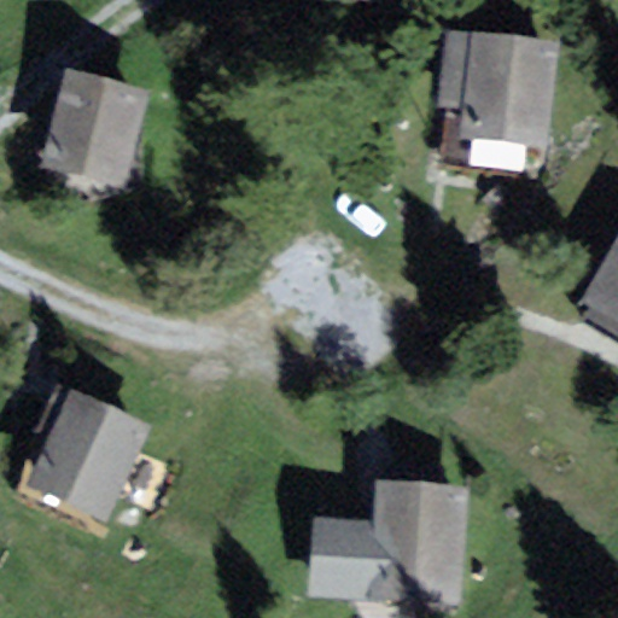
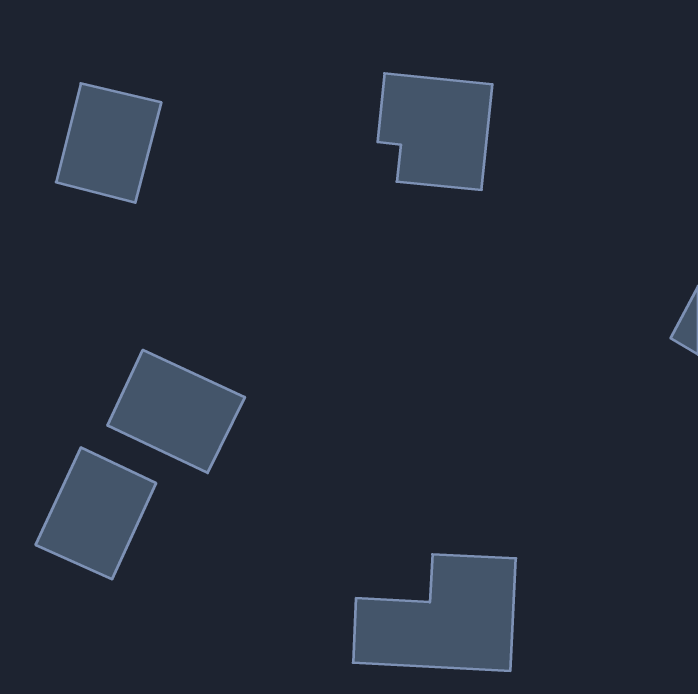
building: [449,36,550,139] -> [378,73,492,190]
building: none -> [108,350,245,473]

